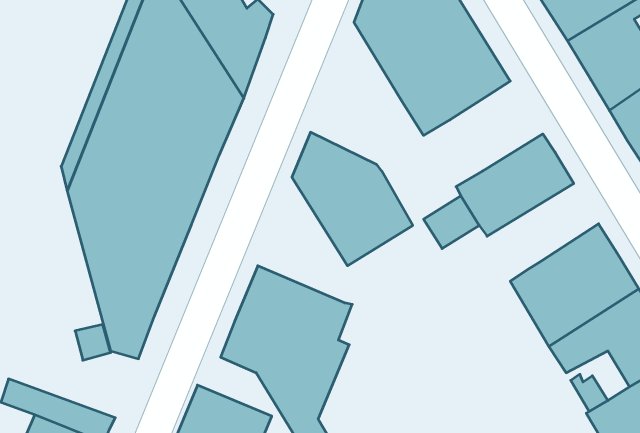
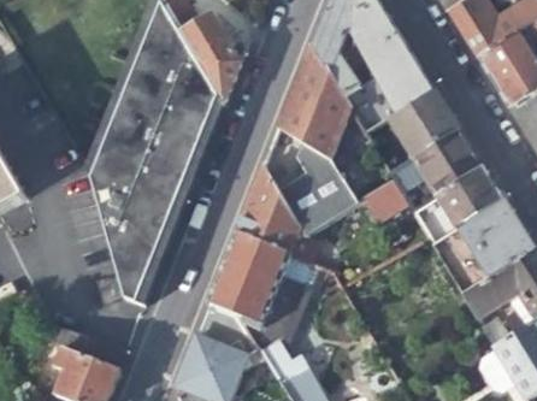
building: none -> [279,43,350,159]
building: none -> [388,89,460,159]
building: none -> [238,164,314,261]
building: none -> [417,169,503,244]

